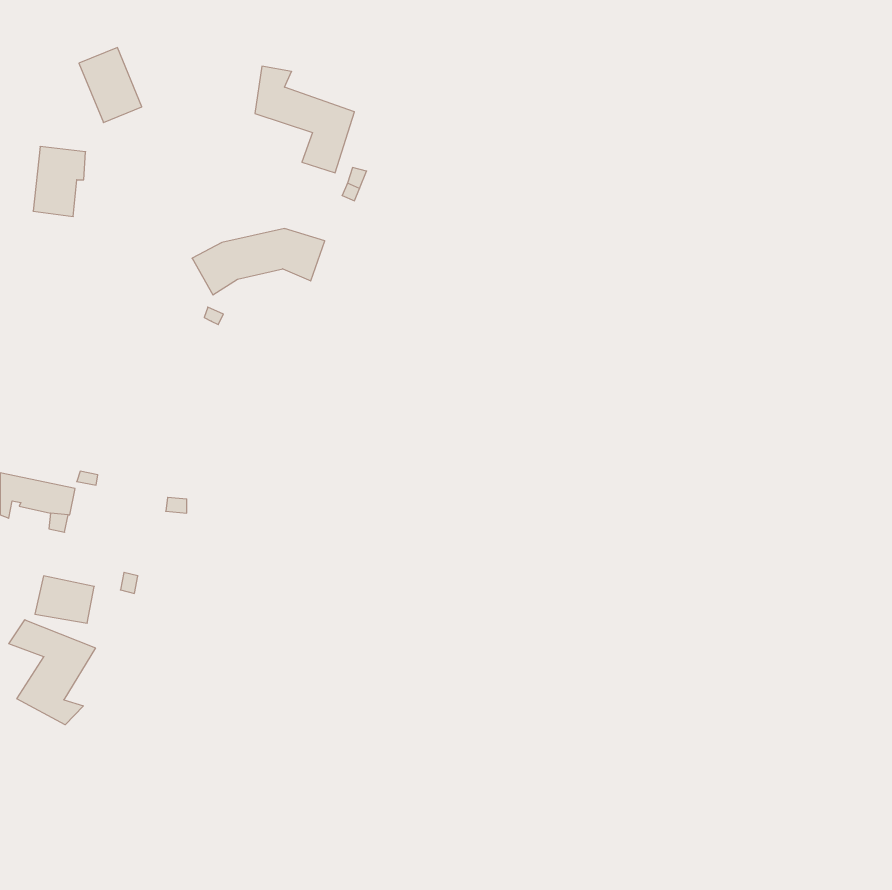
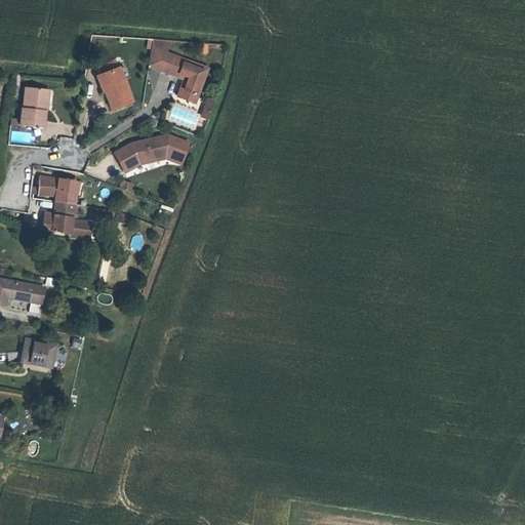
building: [79,48,142,123] -> [96,66,133,110]
building: none -> [38,174,91,240]
building: [9,620,95,725] -> none

